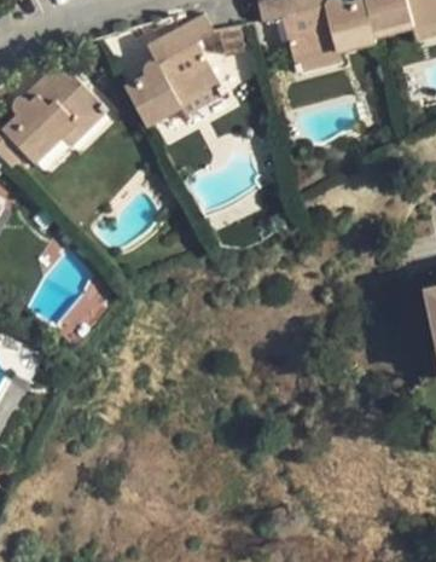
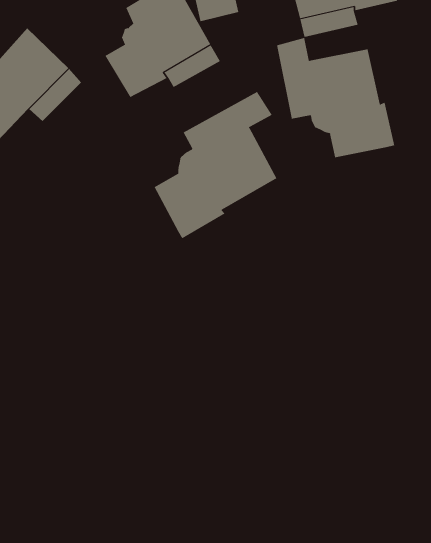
building: none -> [276,37,395,158]
building: none -> [154,91,277,239]

